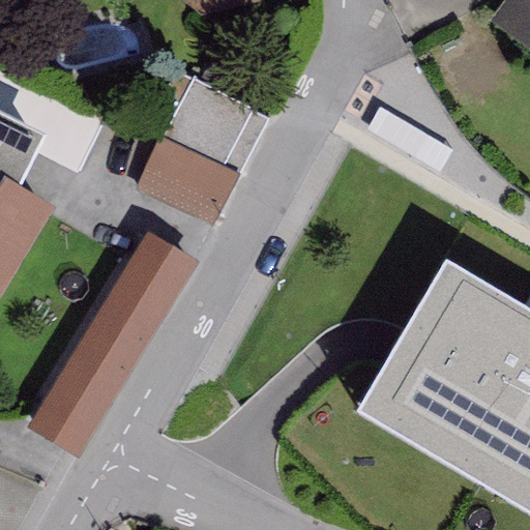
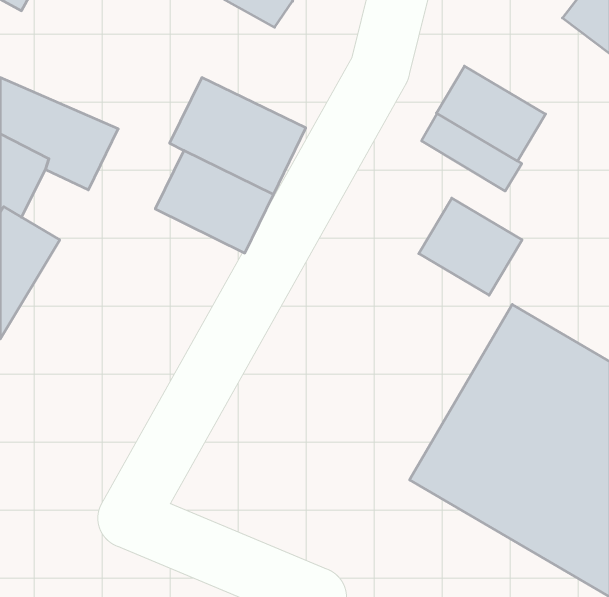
building: none -> [436,66,546,161]
building: none -> [419,198,522,295]
building: [26,225,198,454] -> none

